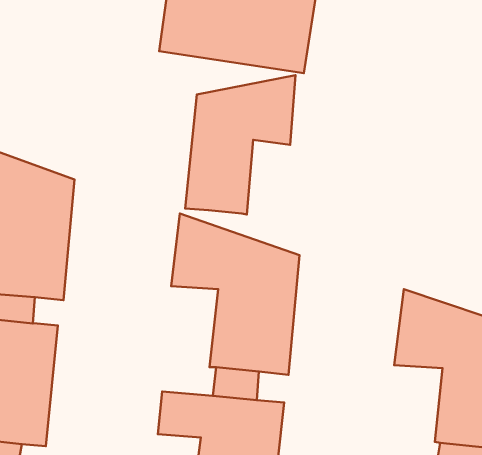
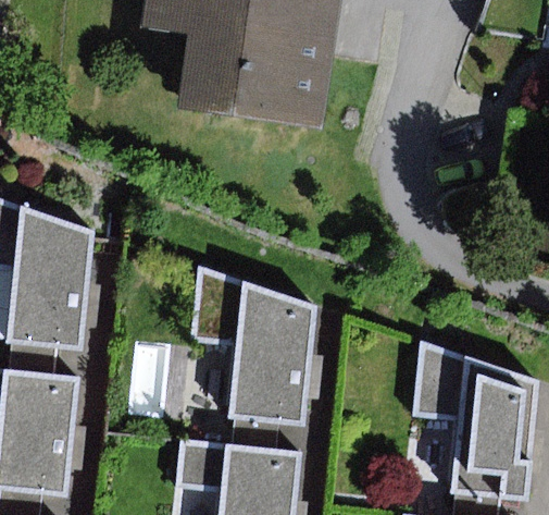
building: [185,75,295,214] -> none

